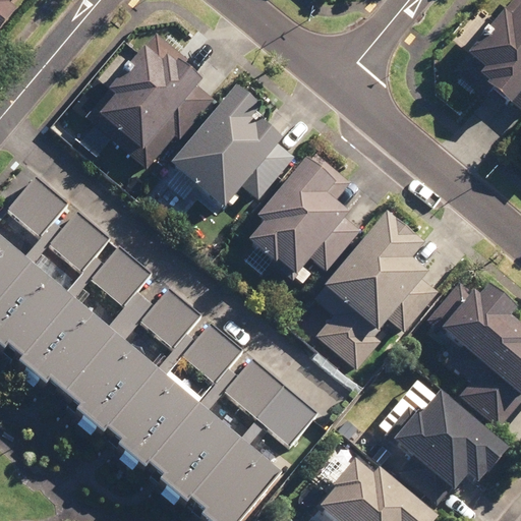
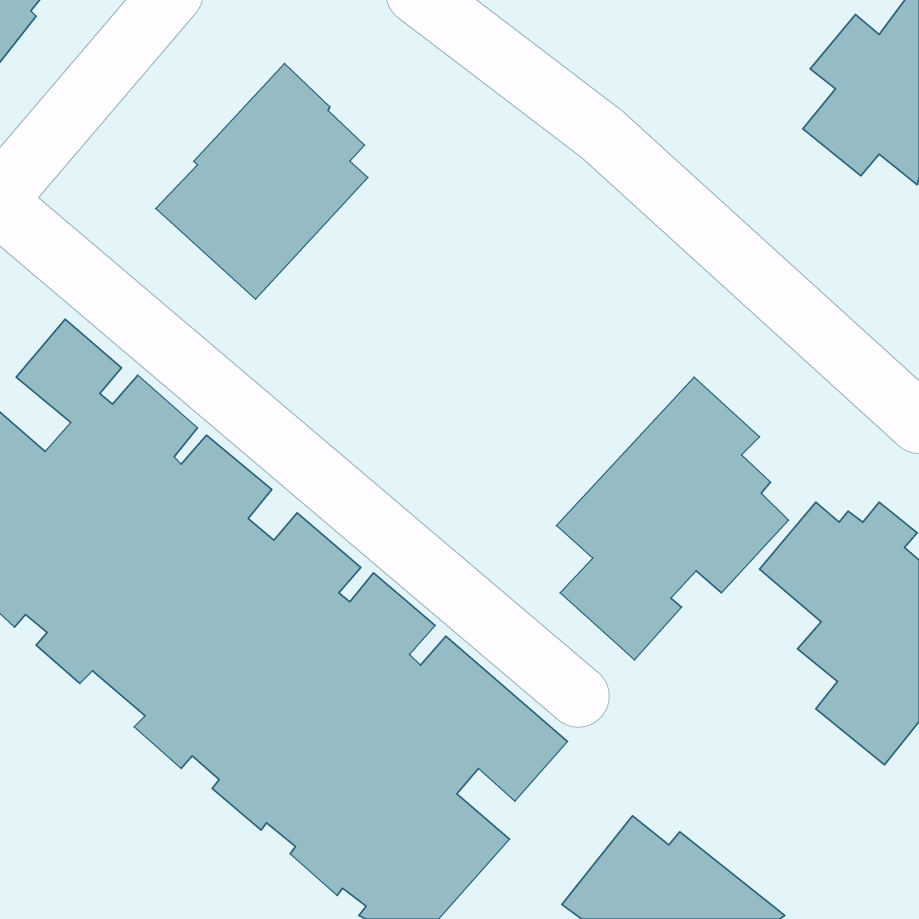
building: [165,85,290,210] -> none
building: [248,153,351,276] -> none
building: [384,391,505,505] -> none

